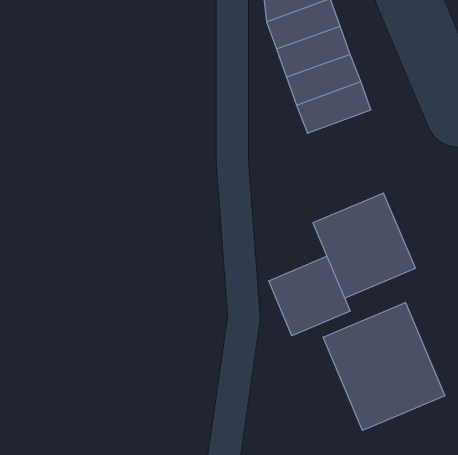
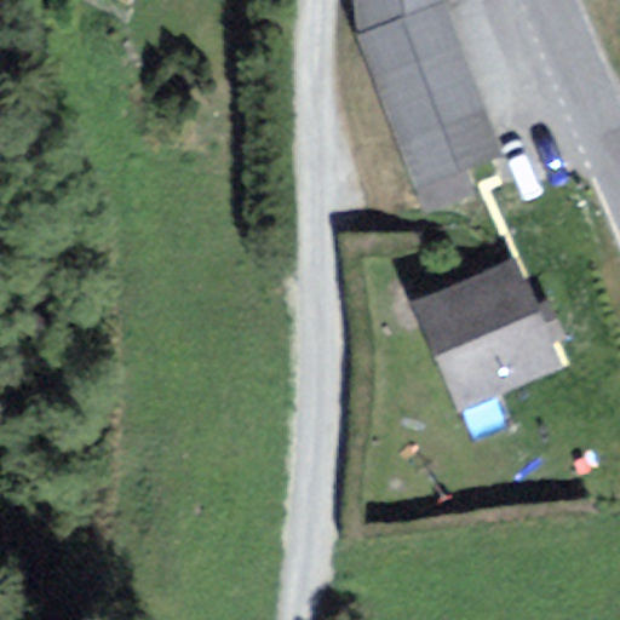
building: [269,256,350,336] -> none
building: [323,302,445,430] -> none

